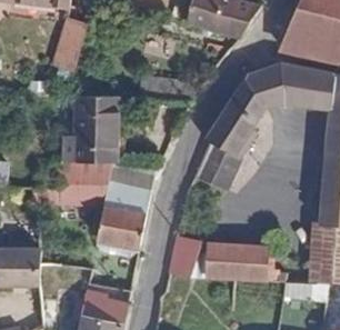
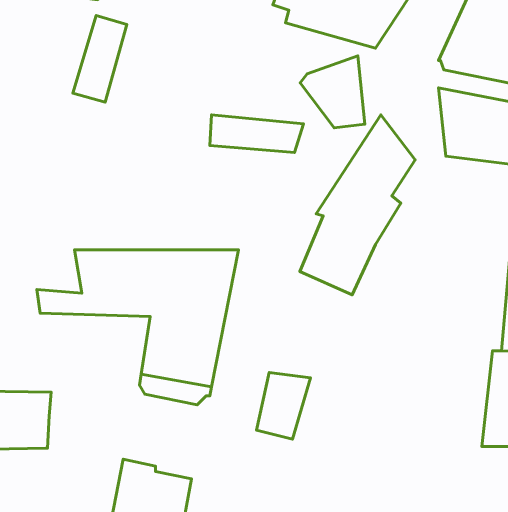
building: [244,62,284,107] -> [300,56,365,128]
building: [63,96,117,162] -> none
building: [208,243,280,282] -> none

